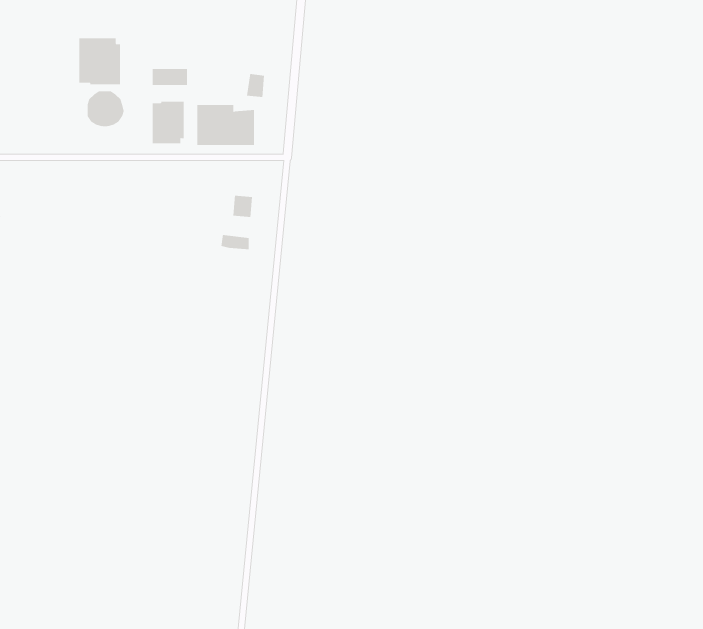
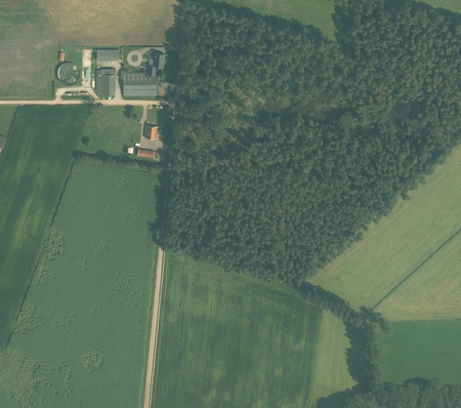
building: [79,38,121,85] -> none

